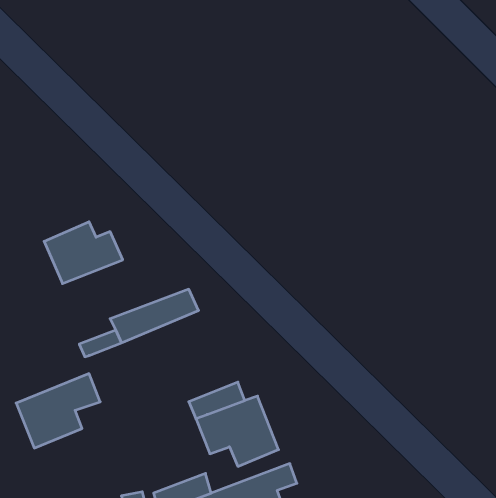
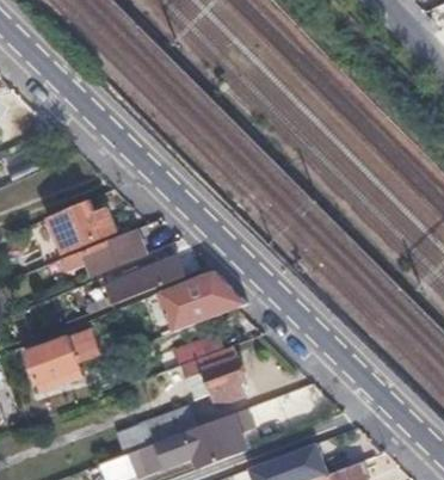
building: none -> [61,230,144,273]
building: none -> [156,269,247,331]

